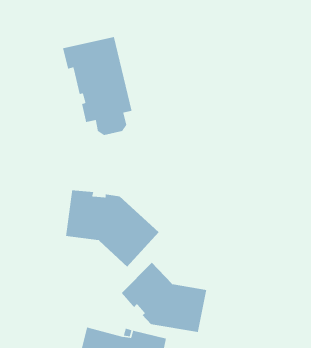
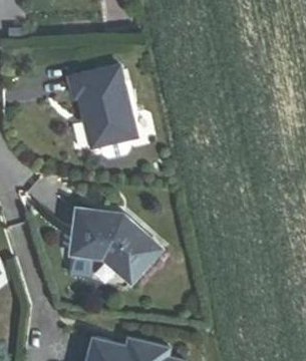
building: [121,262,207,333] -> none

